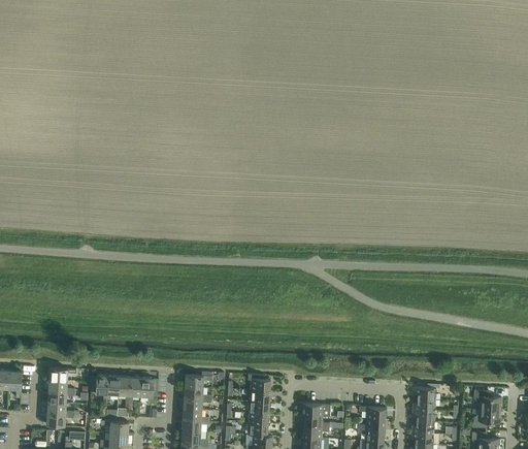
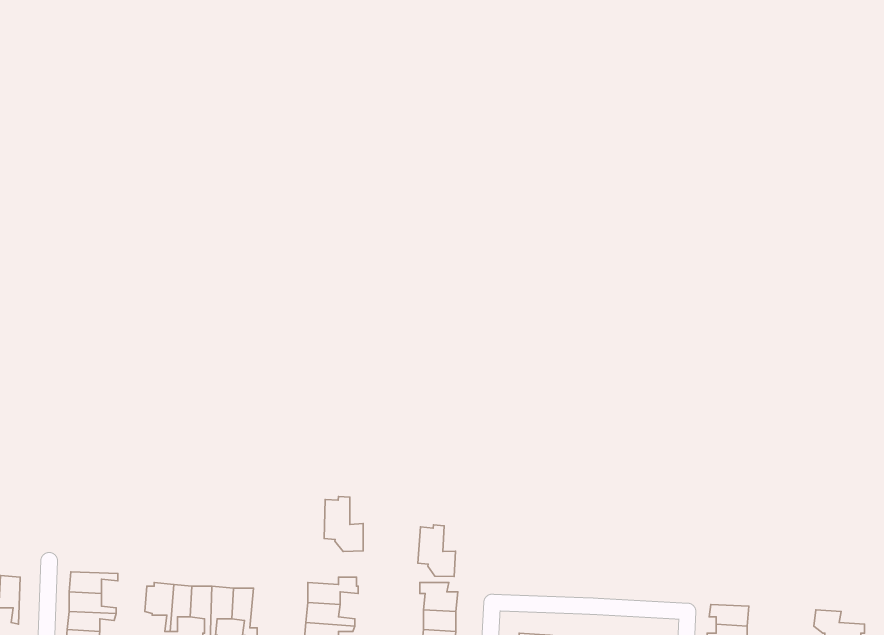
building: none -> [324,496,363,552]
building: none -> [418,525,455,576]

